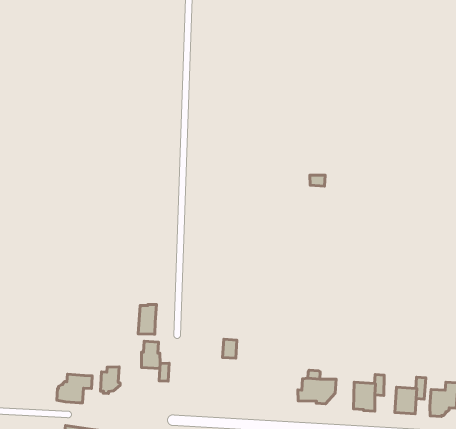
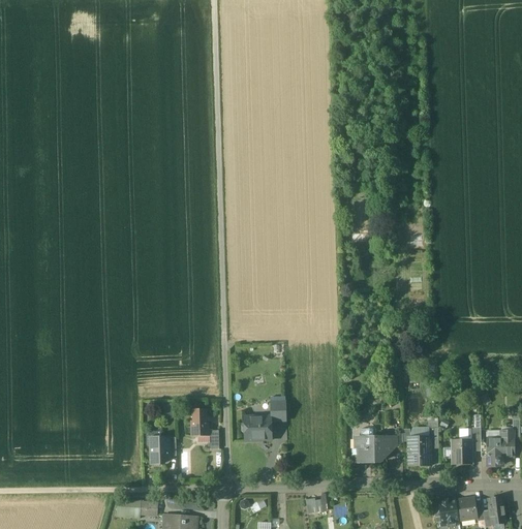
building: [138,304,157,334] -> none
building: none -> [242,416,272,441]
building: [57,374,92,403] -> none

